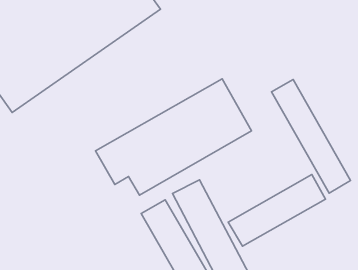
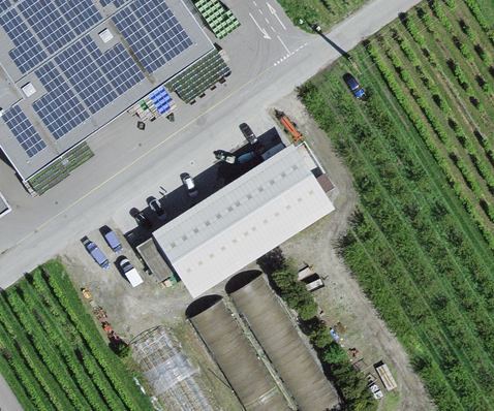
building: [271,80,350,193] -> none
building: [228,175,326,246] -> none

